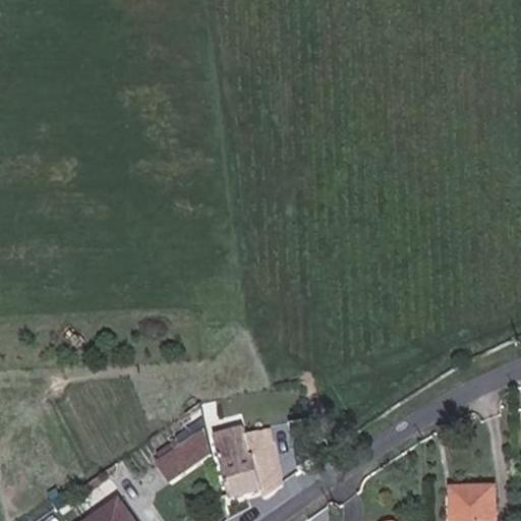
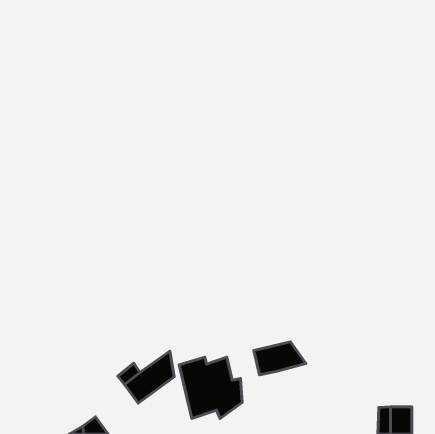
building: none -> [254,342,306,375]

